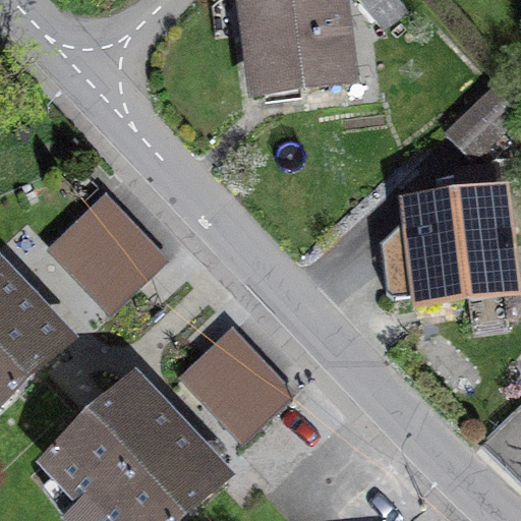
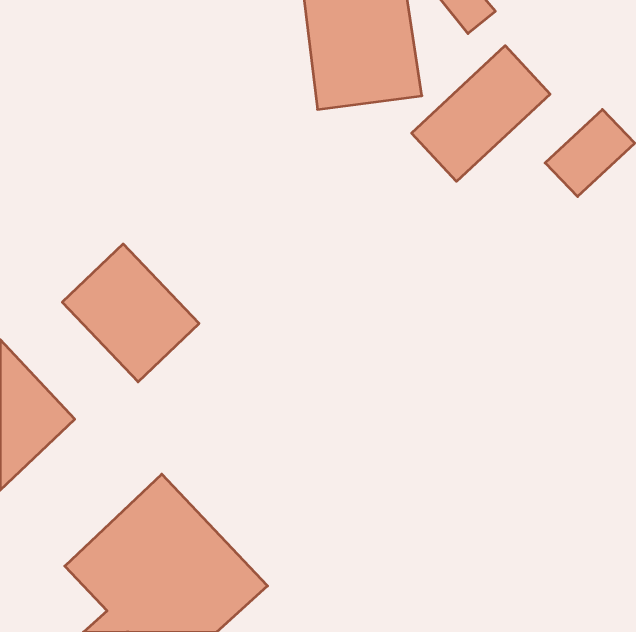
building: none -> [412,46,550,181]
building: [380,168,509,299] -> none
building: [184,334,289,440] -> none

